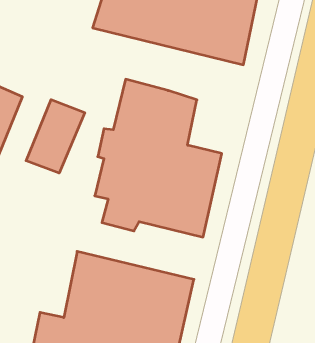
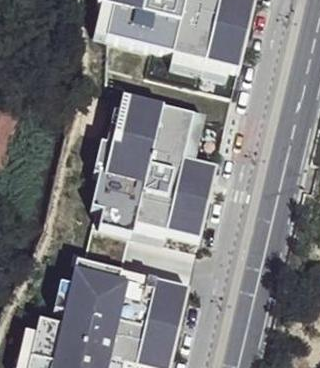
building: [26,100,85,173] -> none

